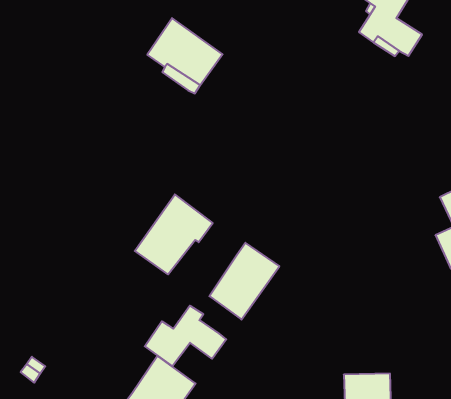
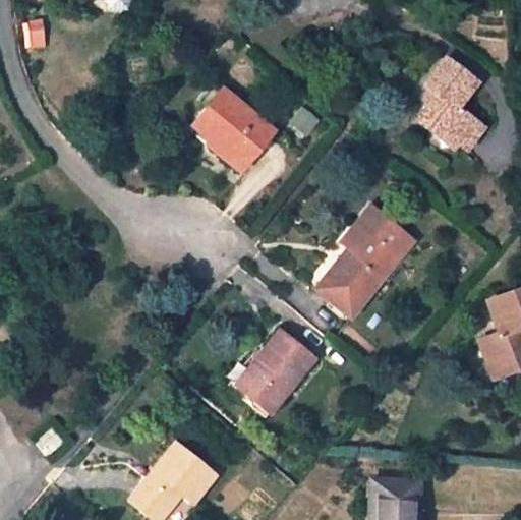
building: none -> [317,206,405,315]
building: [135,194,213,274] -> none
building: [145,306,226,366] -> none

